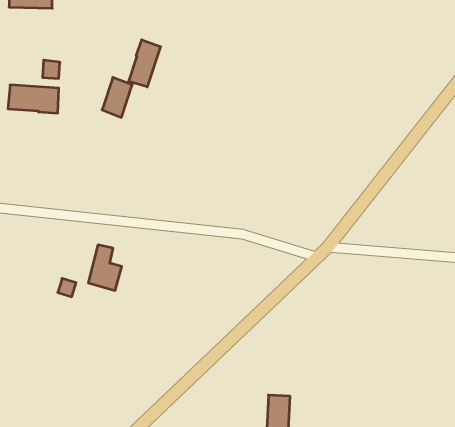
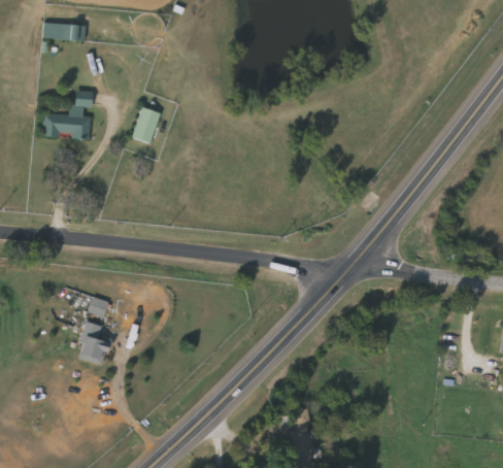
building: [129,40,161,87] -> none
building: [88,245,122,290] -> [77,322,109,365]

